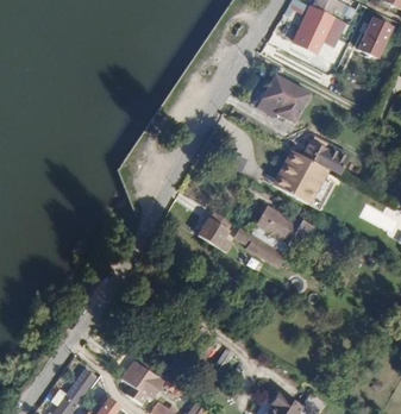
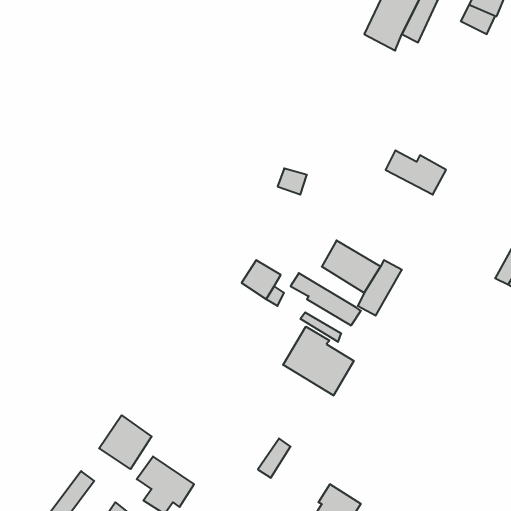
building: [257,74,308,121] -> none
building: [274,150,328,203] -> none
building: none -> [283,327,354,396]
building: none -> [99,415,152,469]

